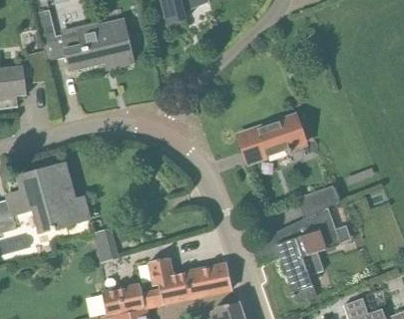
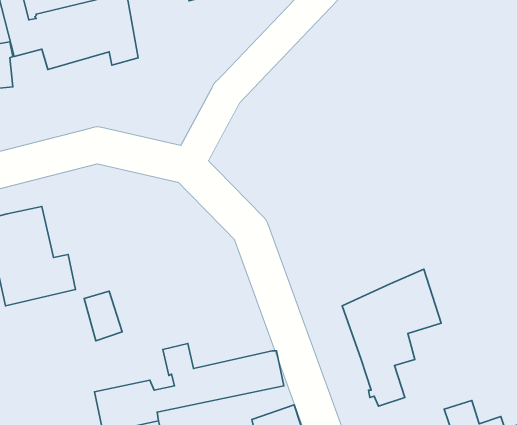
building: [240,114,303,161] -> none
building: [297,185,339,218] -> none

